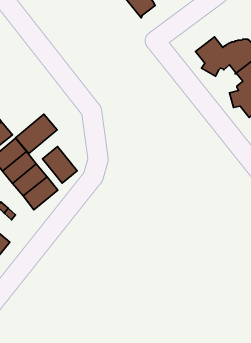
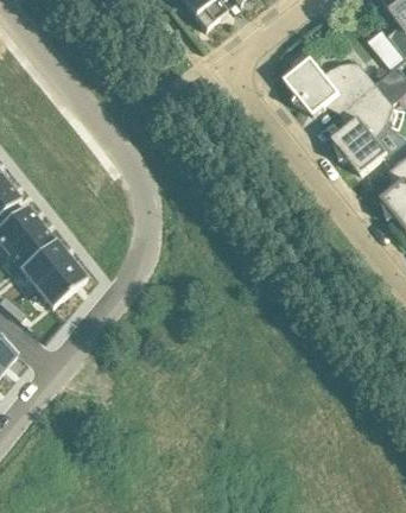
building: [15,114,57,154] -> none
building: [43,147,77,183] -> none

